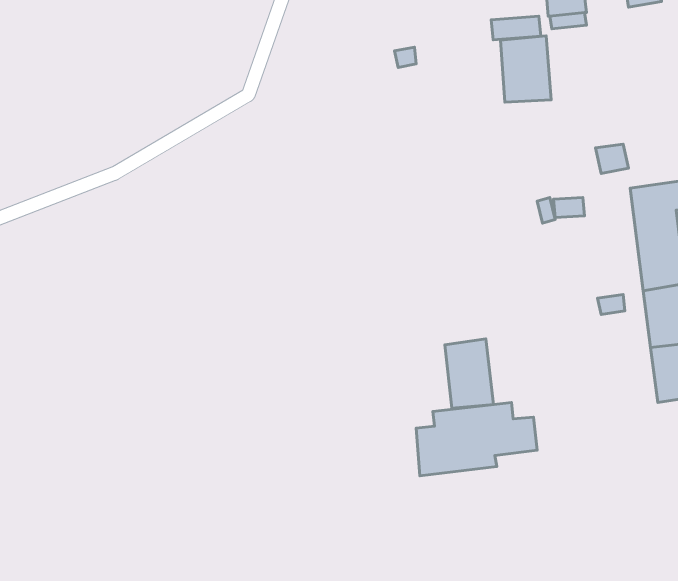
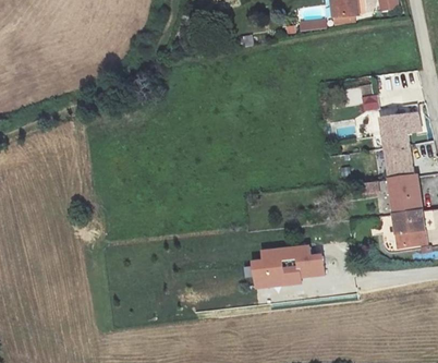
building: [500,36,551,102] -> none
building: [445,339,493,408] -> none

